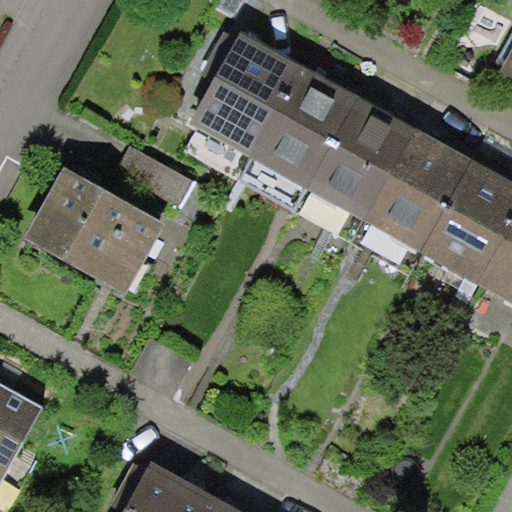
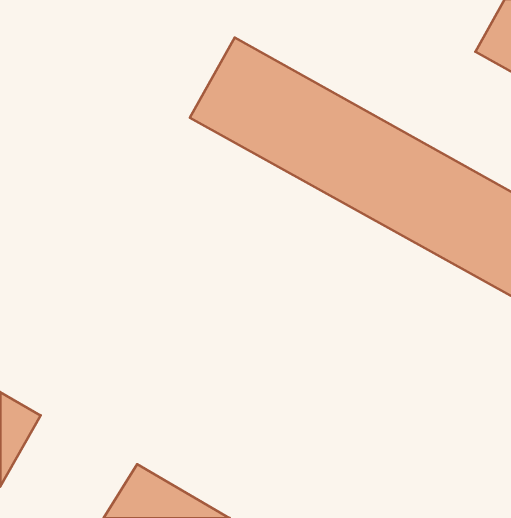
building: [21,169,159,297] -> none

